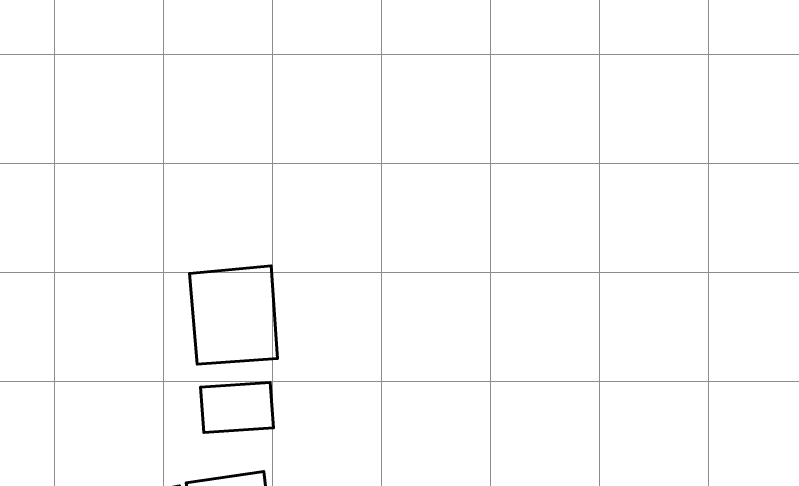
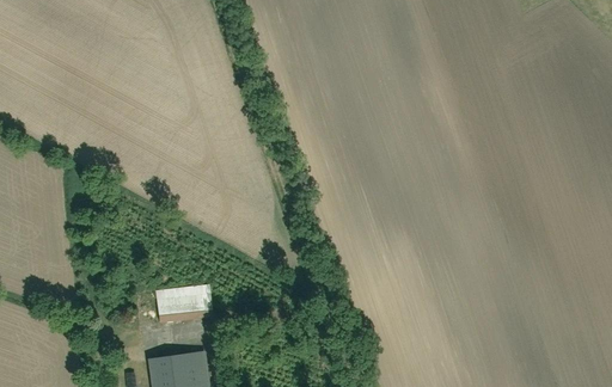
building: [190,266,277,364] -> none

